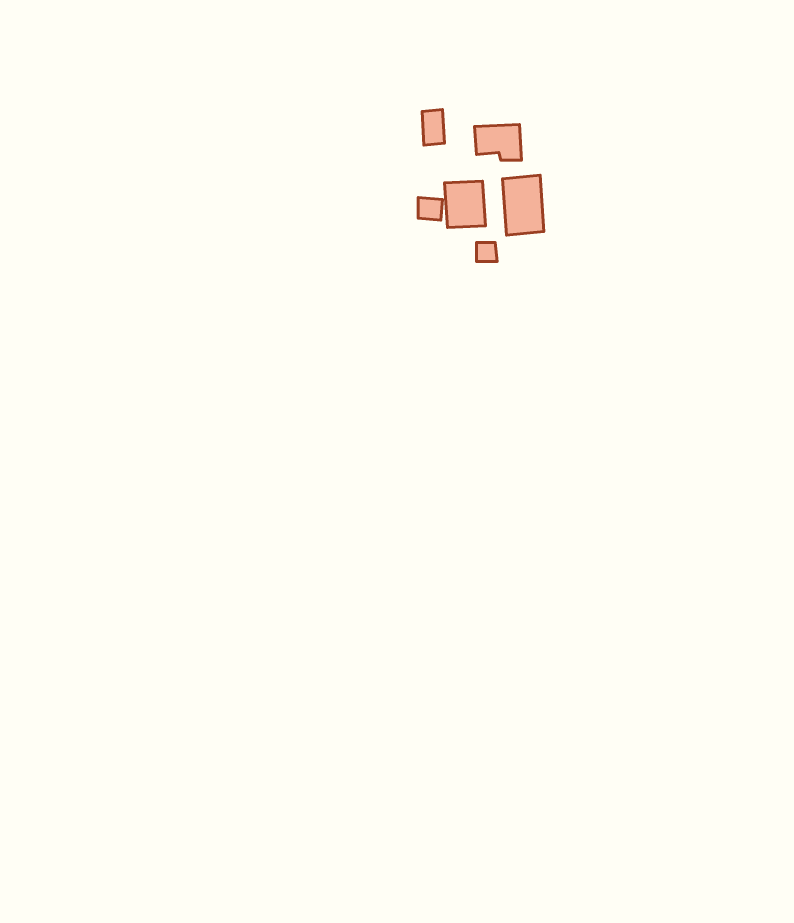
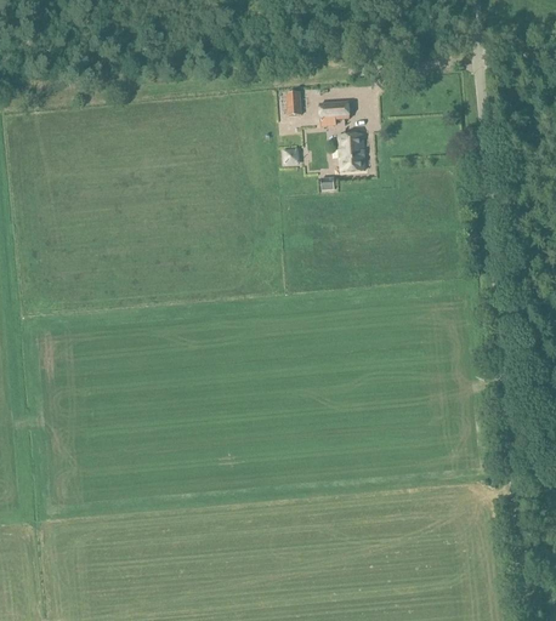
building: [444,181,486,227] -> none

